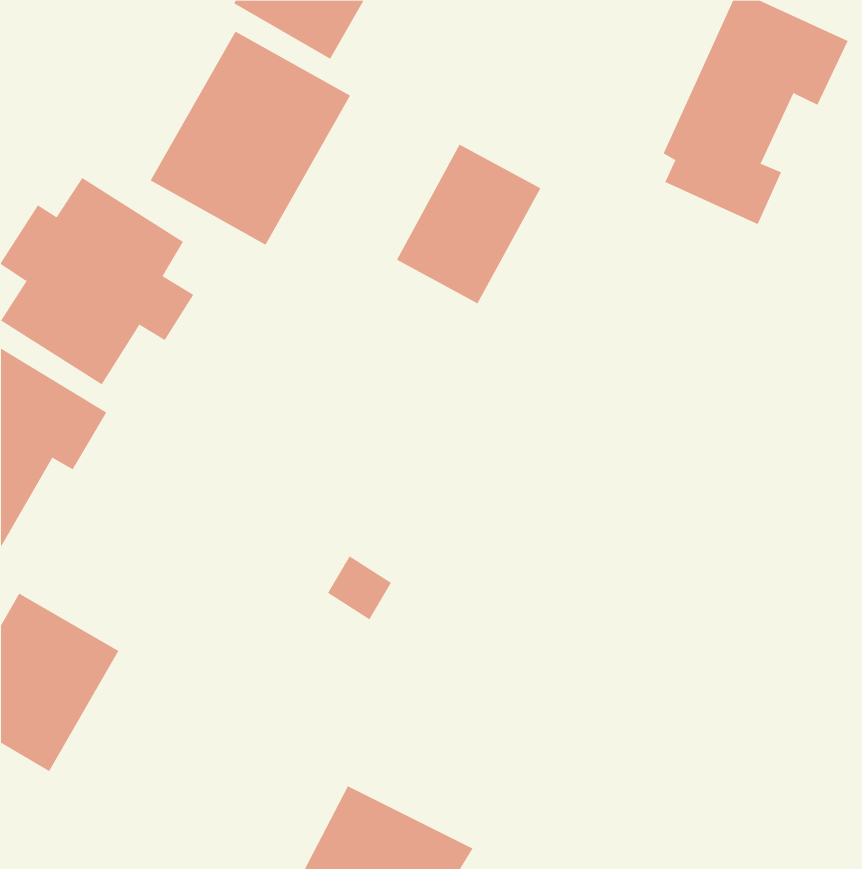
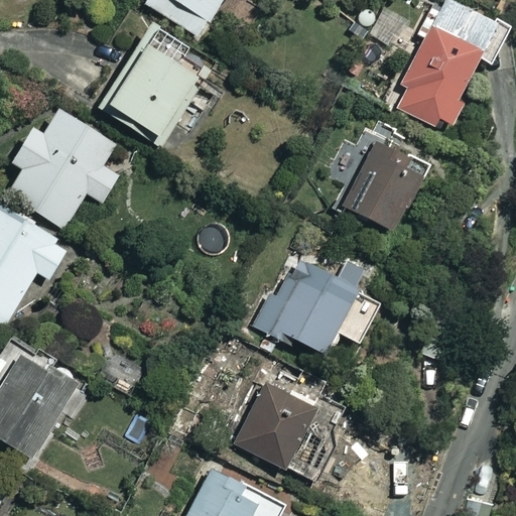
building: [396,144,541,304] -> [341,135,426,230]
building: none -> [253,255,393,354]
building: none -> [236,380,341,479]

